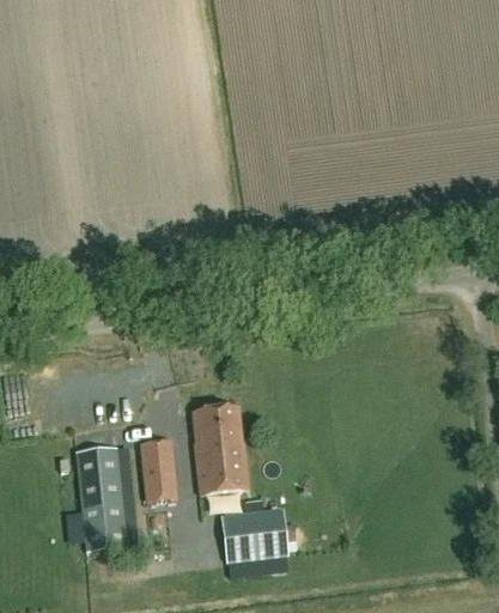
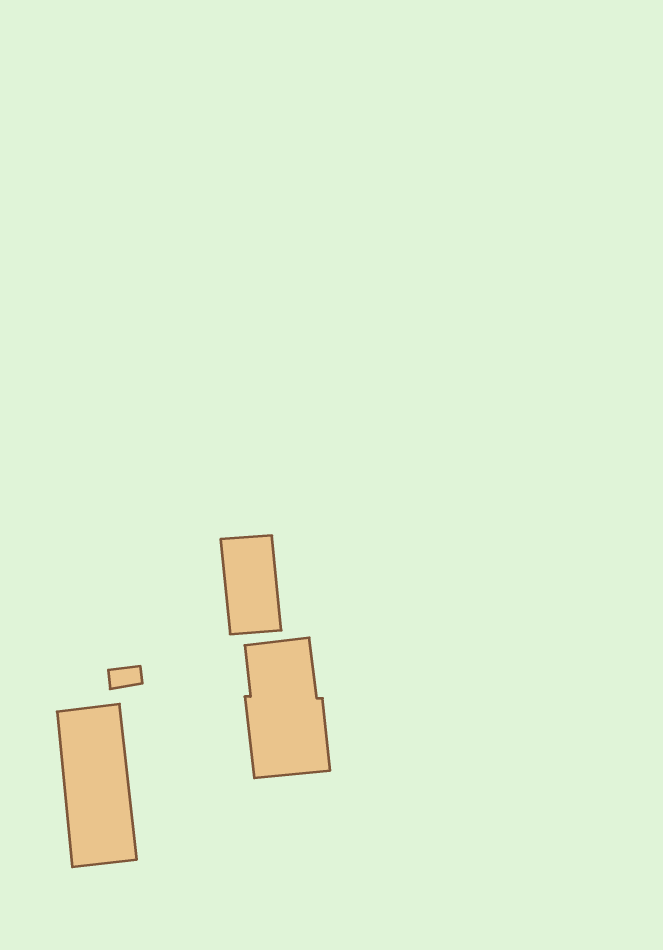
building: [140,439,178,502] -> [221,536,281,634]
building: [224,508,286,559] -> none

